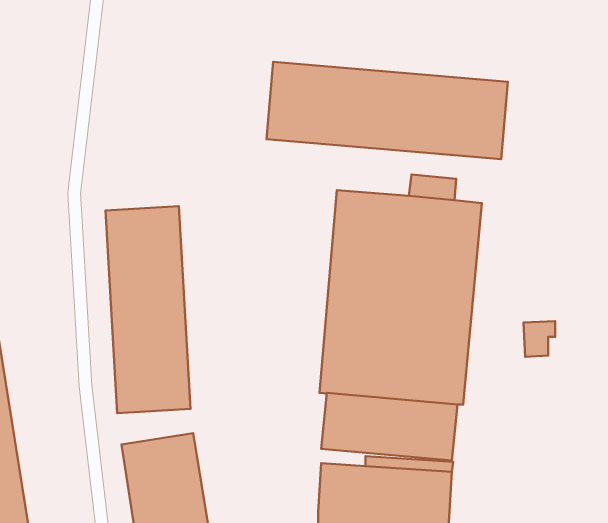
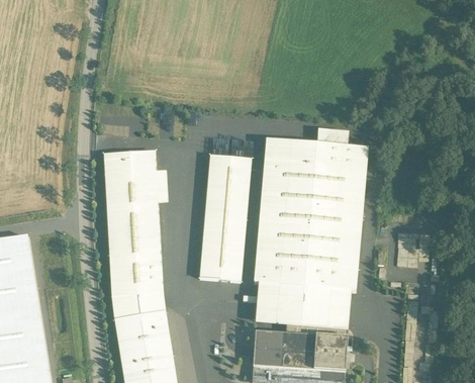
building: [266,62,508,159] -> none
building: none -> [199,156,251,282]
building: none -> [111,294,165,319]

